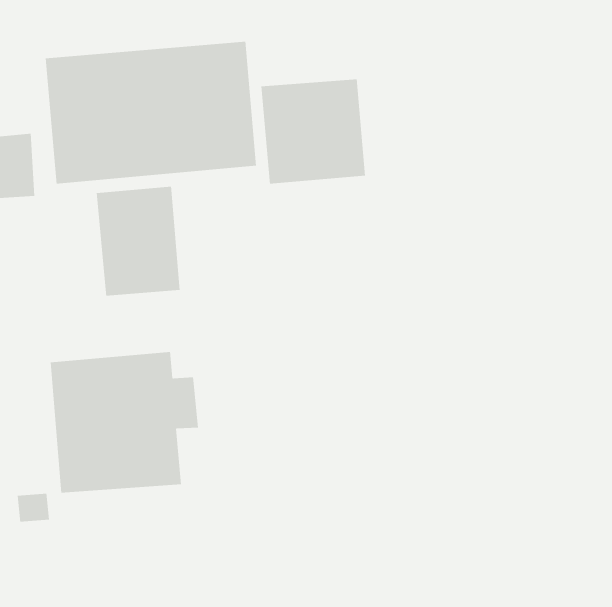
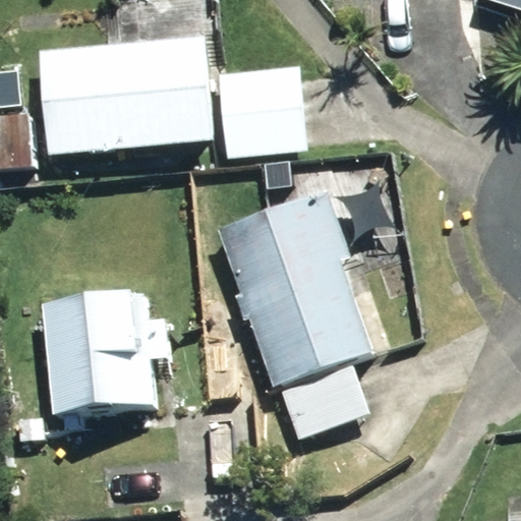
building: [96,186,180,297] -> none
building: none -> [219,194,370,386]

